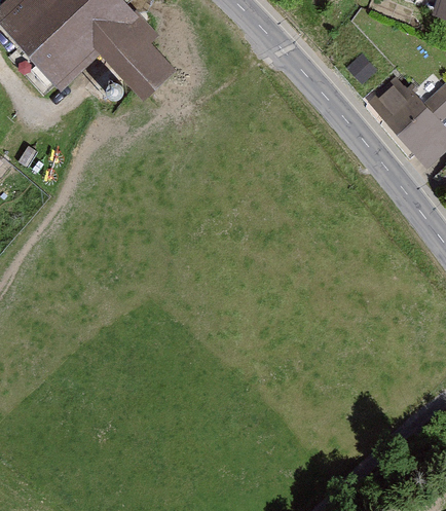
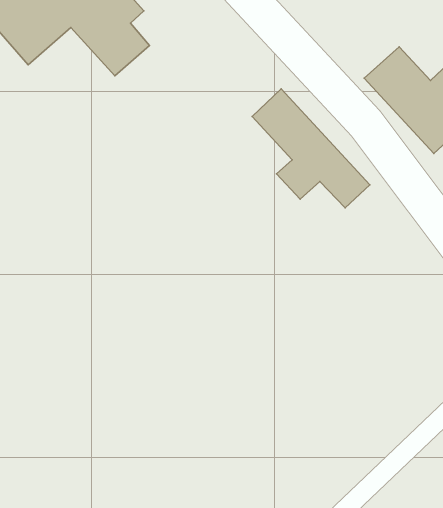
building: none -> [252,89,370,208]

